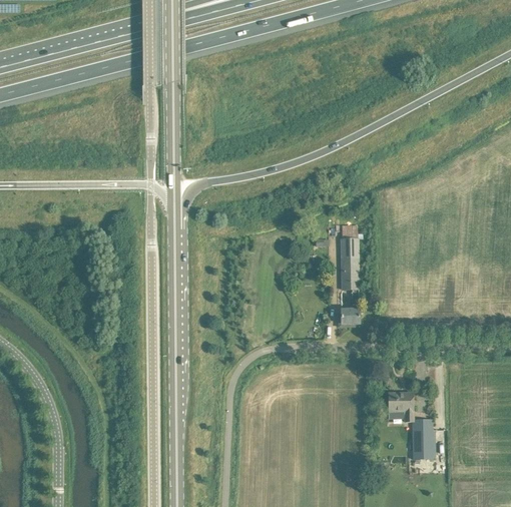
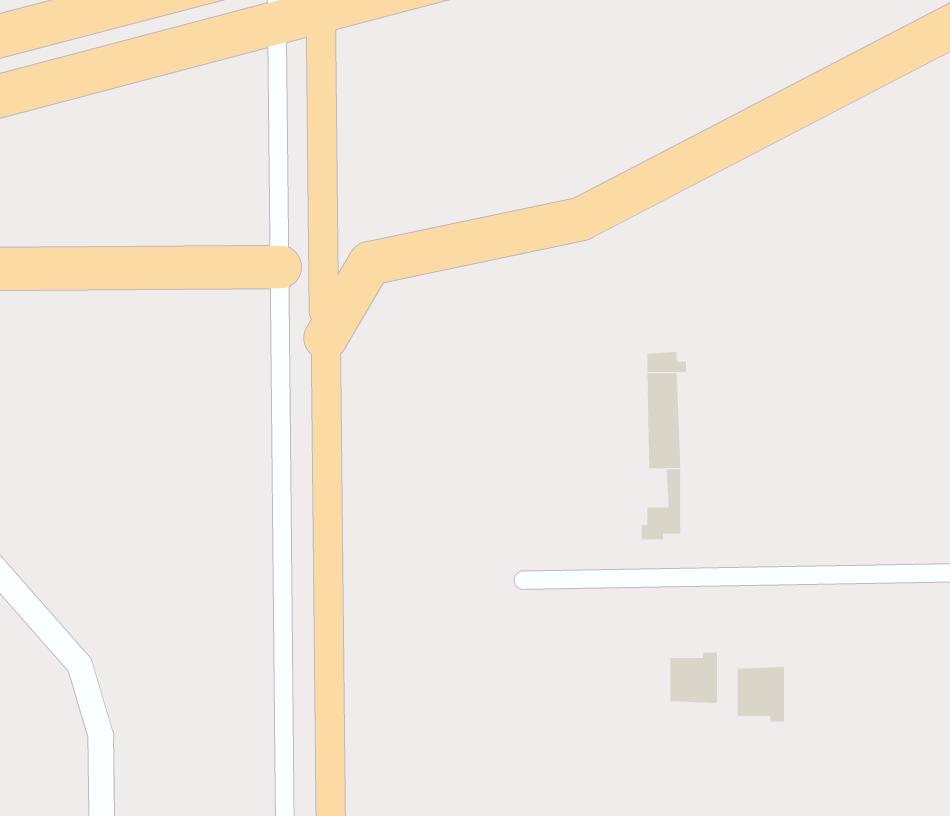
building: none -> [670,652,718,704]
building: [412,425,432,457] -> none

